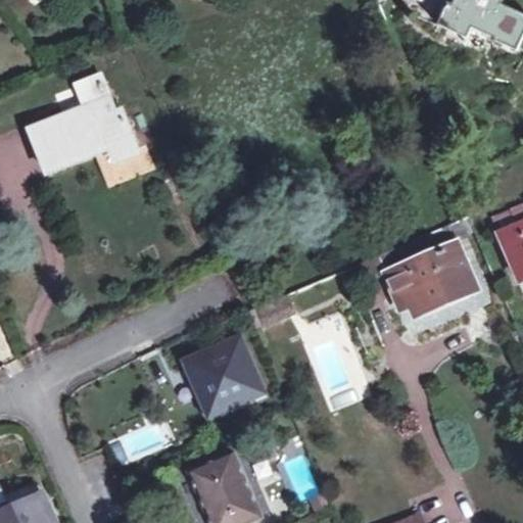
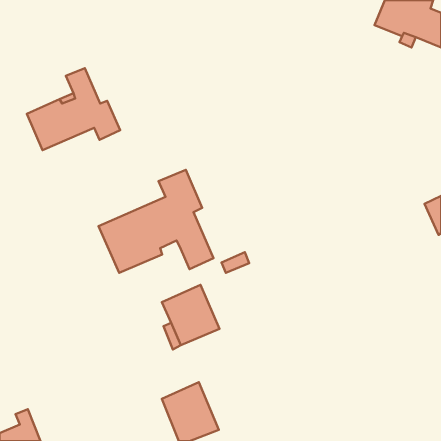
building: none -> [98,170,214,273]
building: [380,218,476,317] -> none

